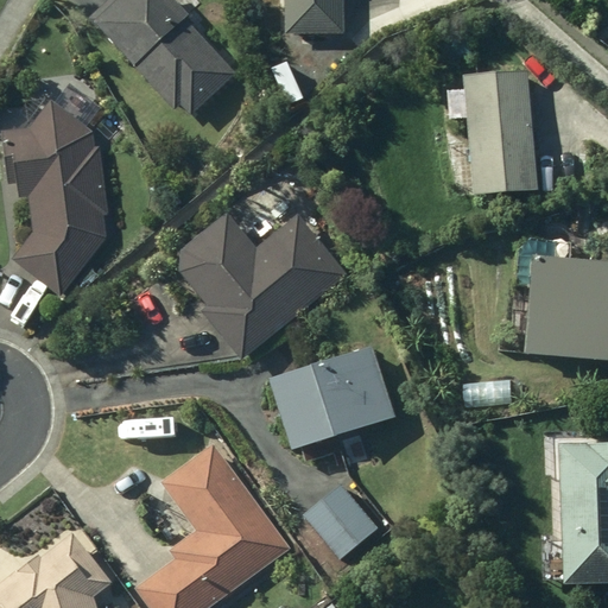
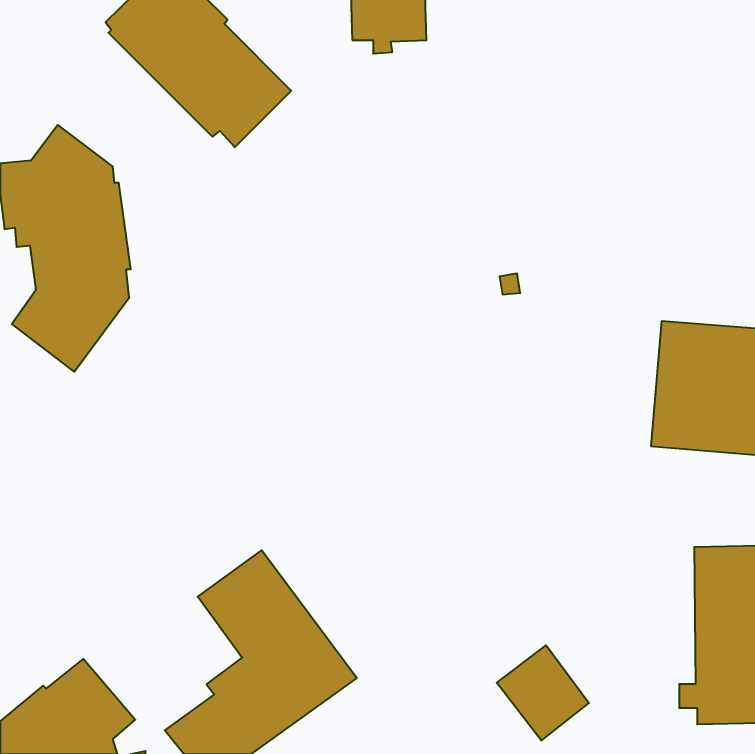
building: [462,76,537,197] -> none
building: [178,213,349,361] -> none
building: [267,350,395,454] -> none
building: [303,480,376,556] -> [497,645,589,741]

